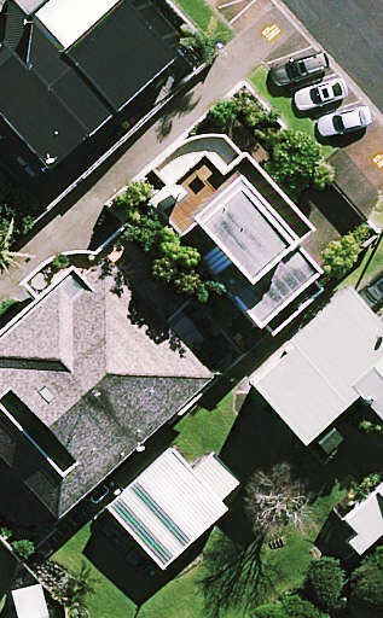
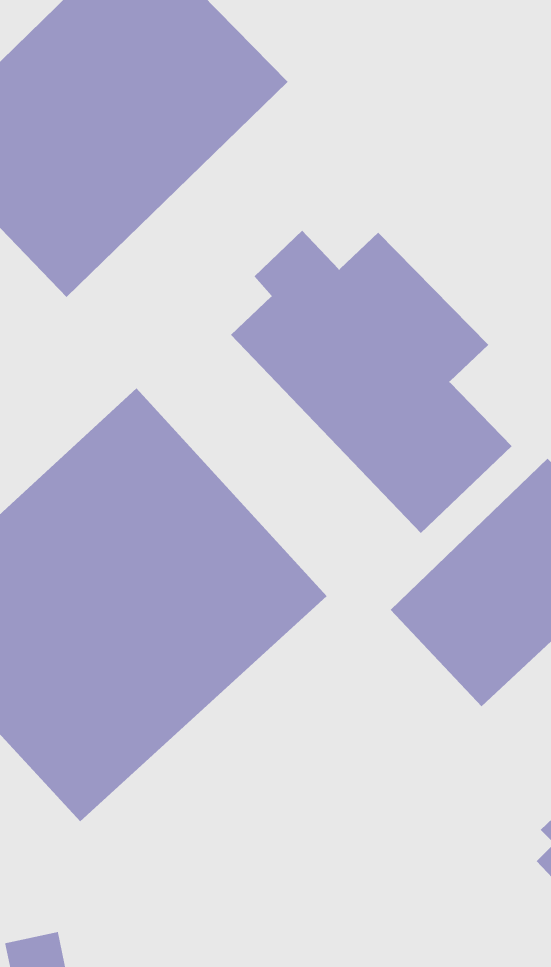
building: [111,451,251,565] -> none

